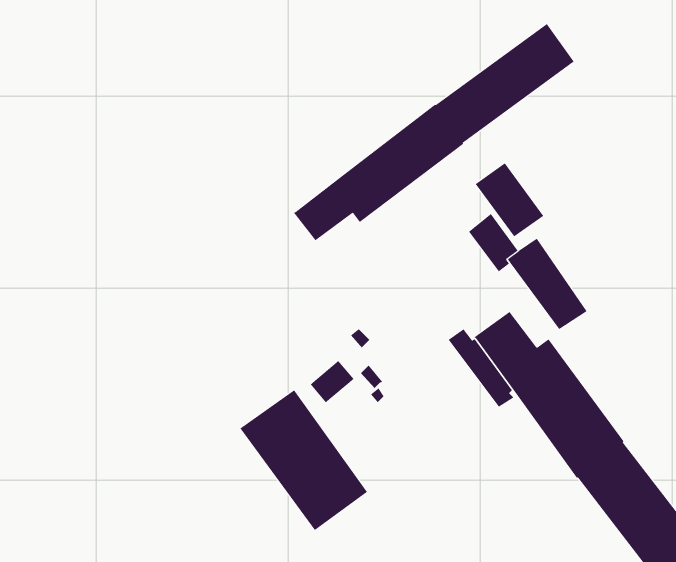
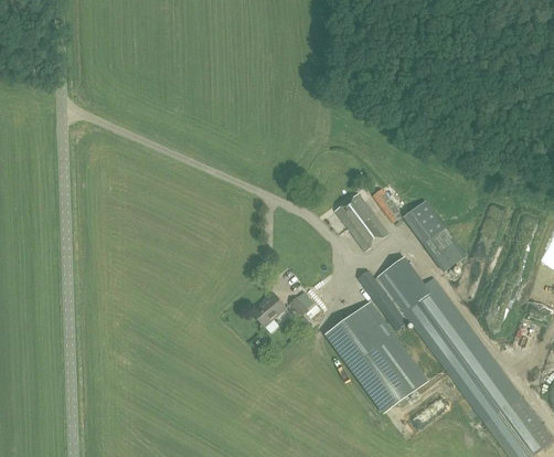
building: [293,23,574,241] -> none
building: [475,162,544,237] -> [334,193,387,251]
building: [240,390,368,531] -> [326,304,424,412]

